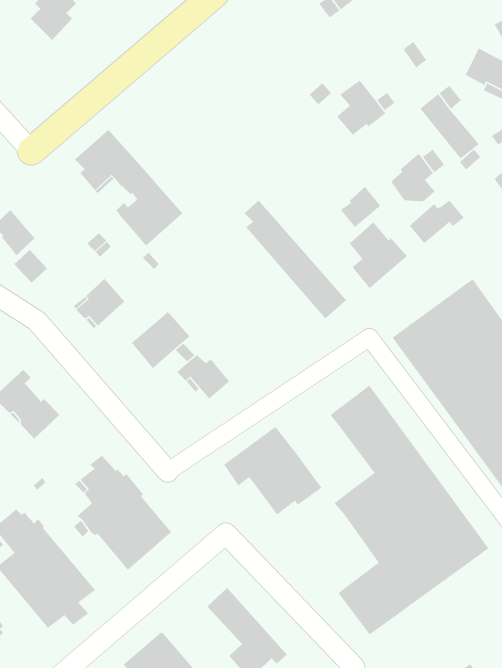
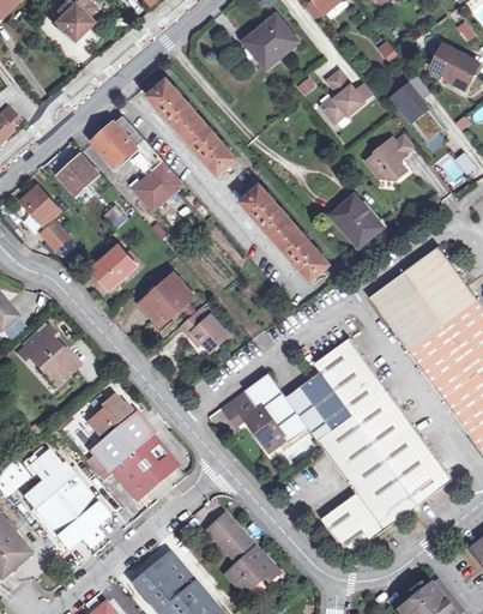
building: none -> [244,17,297,67]
building: none -> [147,79,237,176]
building: none -> [58,156,97,195]
building: [340,186,381,228] -> none
building: [409,200,465,244] -> none
building: none -> [285,372,352,441]

